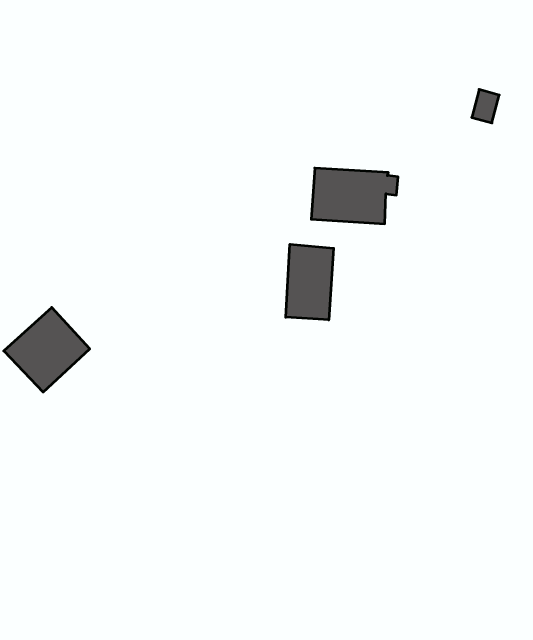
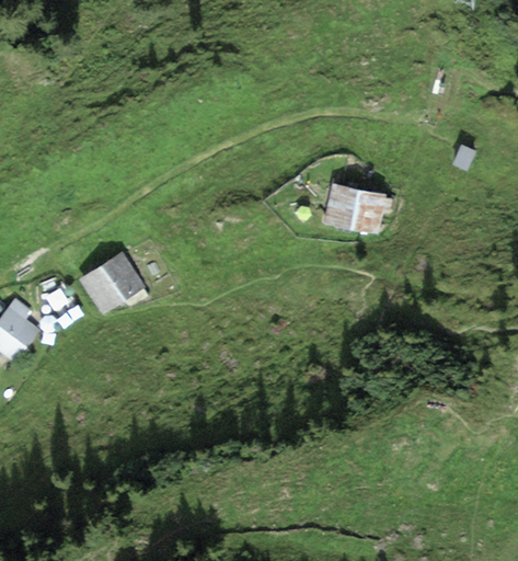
building: [286,244,334,320] -> none

